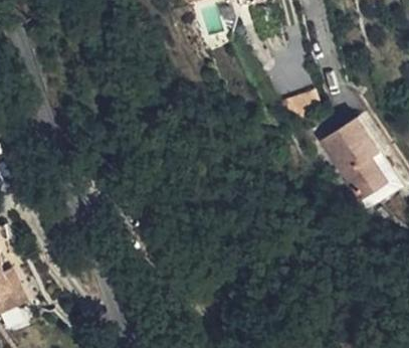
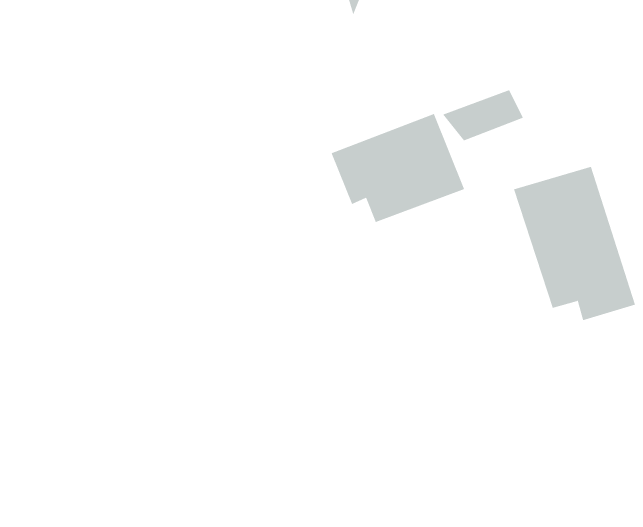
building: none -> [331,113,465,223]

